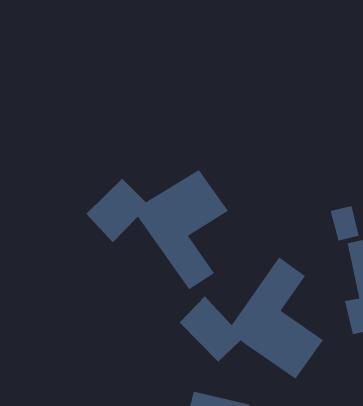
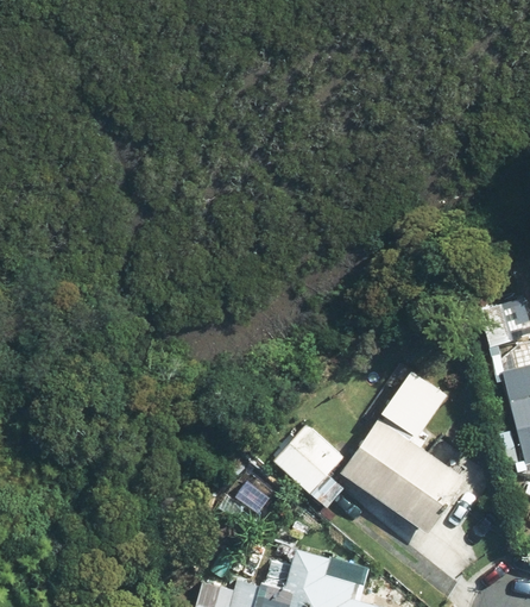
building: [85,169,229,290] -> none

